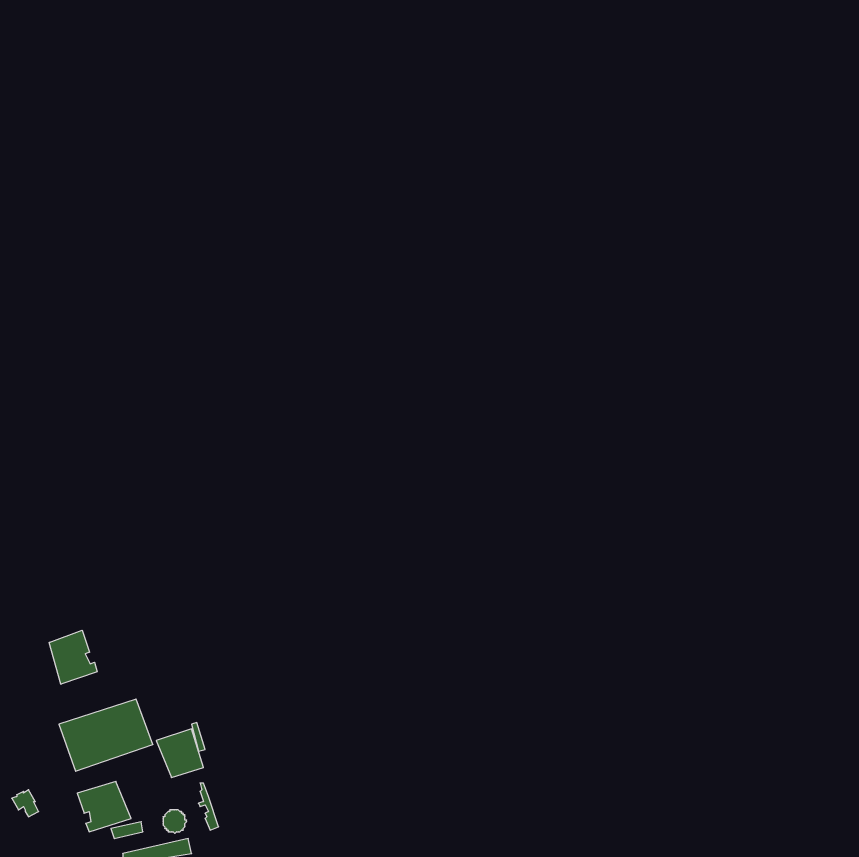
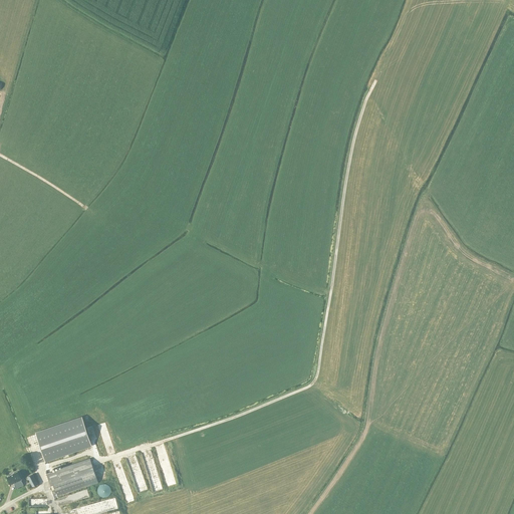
building: [49,630,97,684] -> none
building: [156,729,203,778] -> [69,461,97,490]

